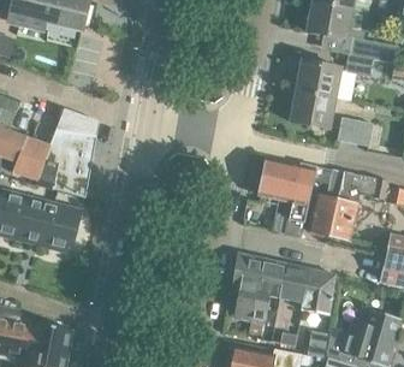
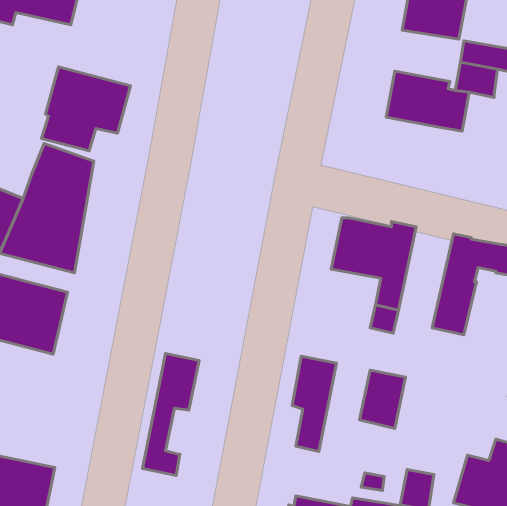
building: none -> [42,67,130,151]
building: [290,90,333,128] -> none
building: [337,117,372,146] -> none
building: [308,168,341,233] -> none
building: [246,258,285,341] -> [143,353,199,476]
building: [301,267,335,314] -> none

